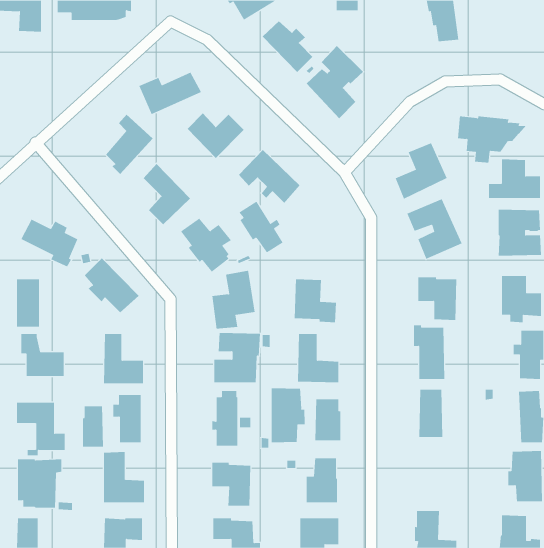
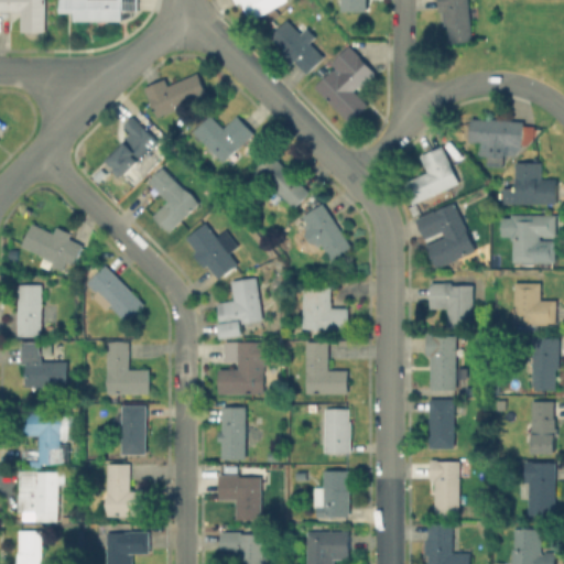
building: [239,201,284,253] -> [302,205,348,259]
building: [271,388,305,443] -> none
building: [82,406,103,448] -> none
building: none -> [427,459,460,514]

